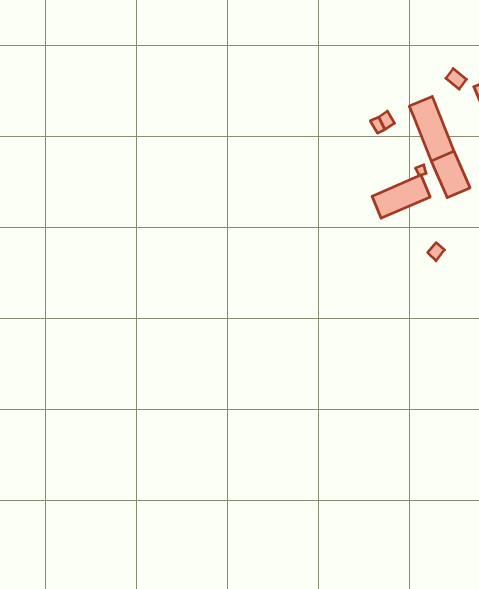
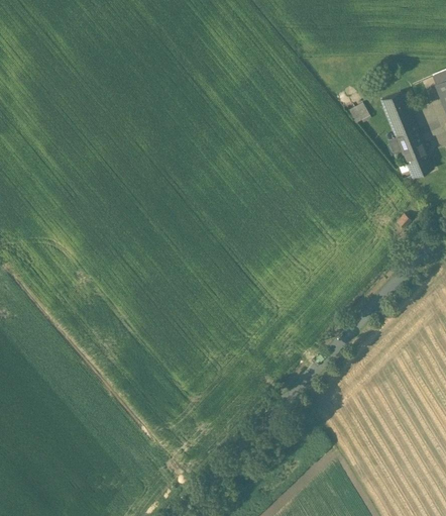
building: [372,175,430,218] -> none

